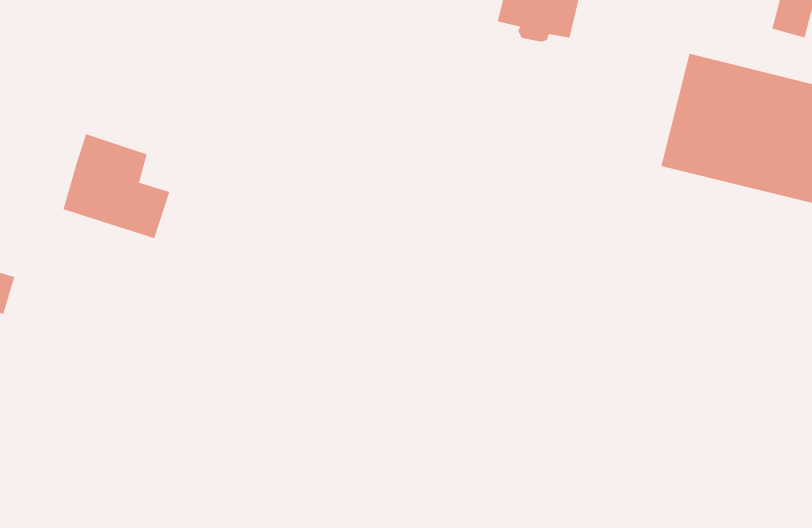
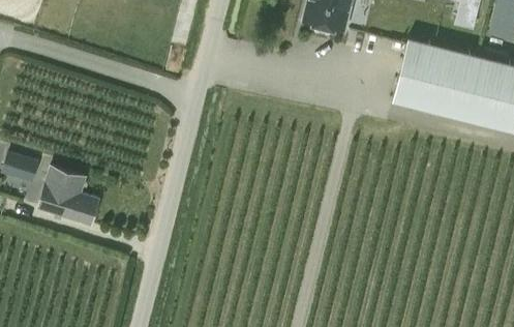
building: [61,134,170,239] -> [39,168,99,226]

